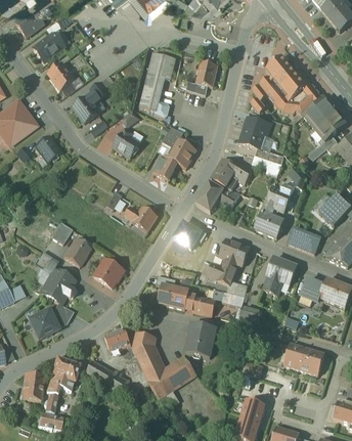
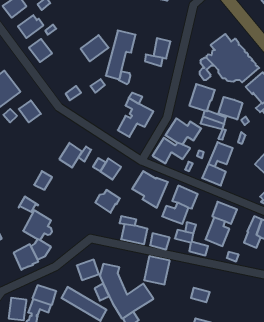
building: [74,90,107,122] -> [81,35,109,61]
building: [113,127,139,157] -> none
building: none -> [218,97,242,120]
building: [287,227,320,253] -> none
building: [63,236,91,266] -> [59,143,82,168]
building: [94,259,124,286] -> [95,190,120,213]
building: [283,343,324,374] -> none

